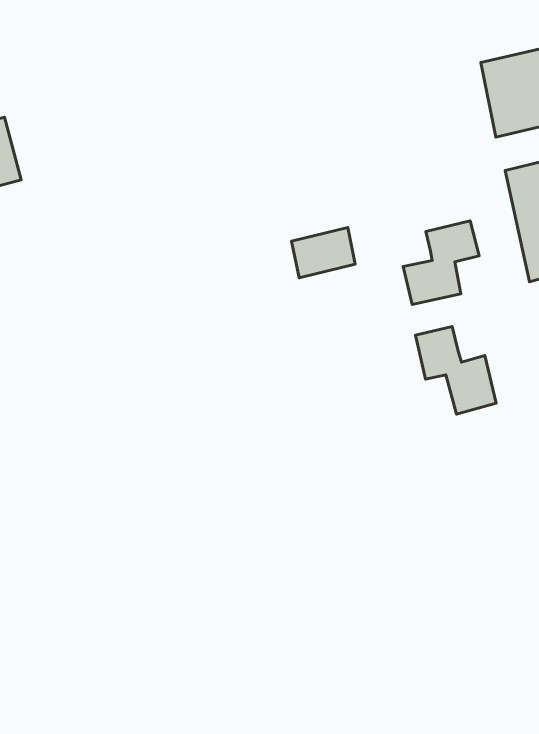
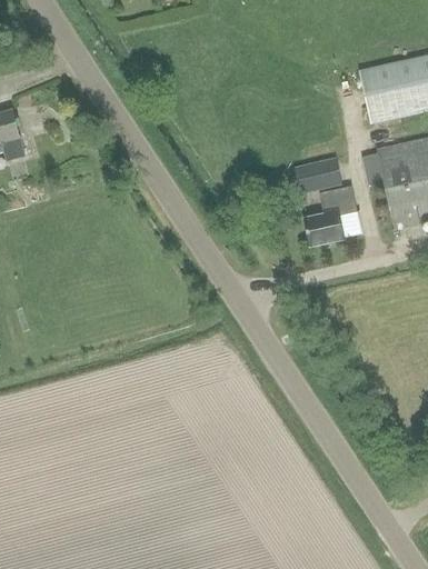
building: [291,228,355,278] -> [295,157,341,193]
building: [416,326,496,414] -> none

